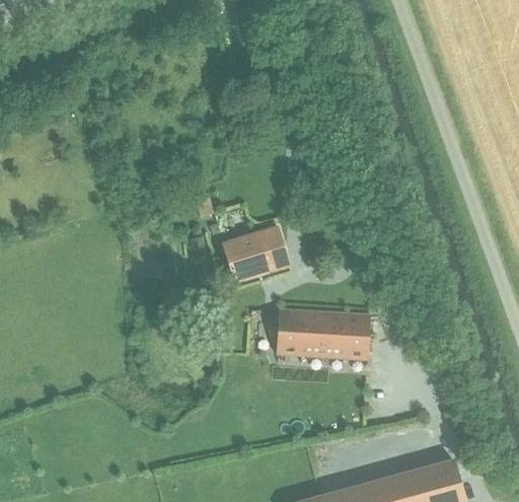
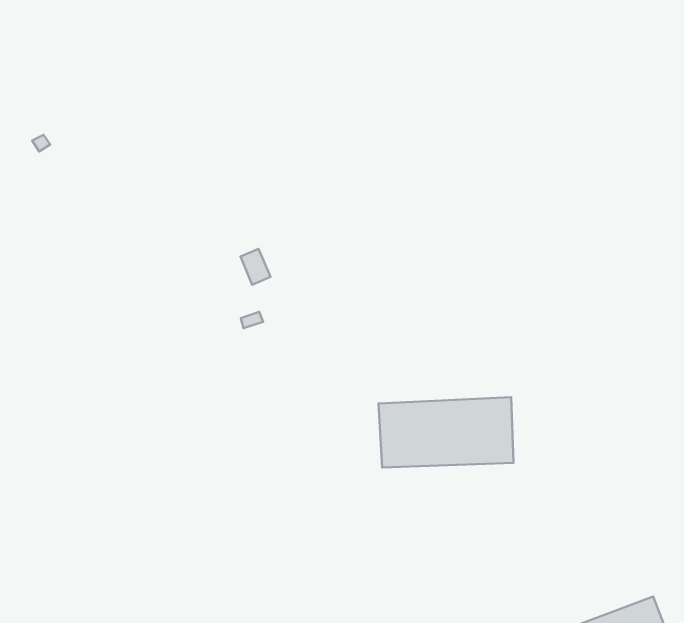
building: [223,225,288,281] -> none

